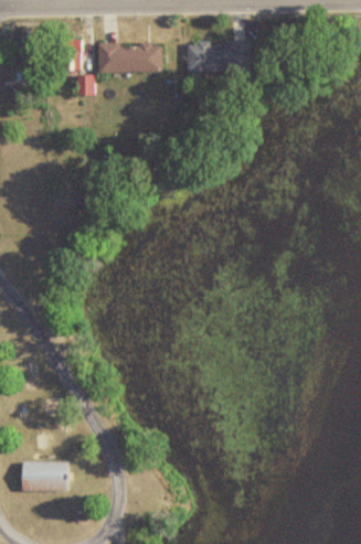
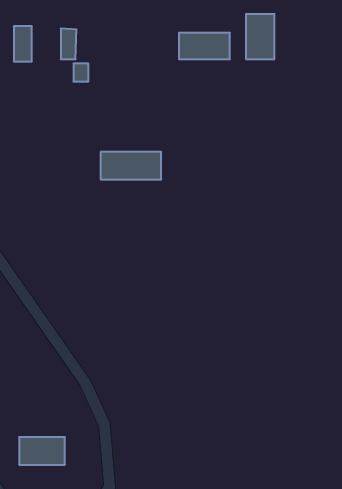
building: none -> [246,14,274,59]
building: [98,43,161,72] -> [101,152,161,180]

